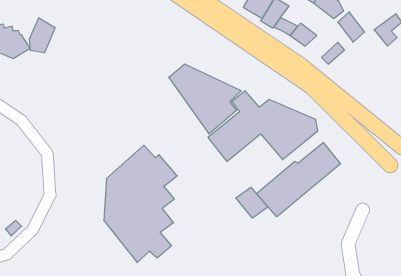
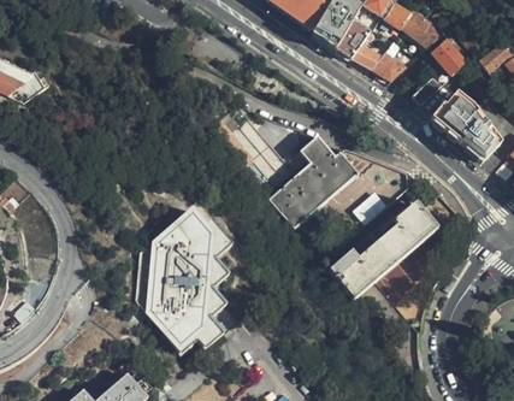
building: [29,18,55,53] -> none
building: none -> [430,93,501,161]
building: [236,187,268,218] -> none

